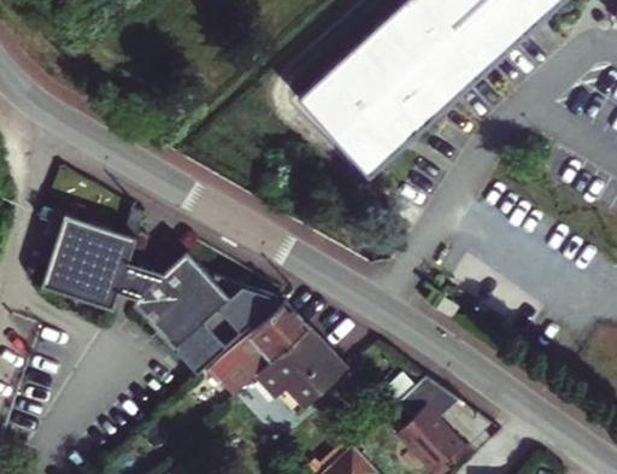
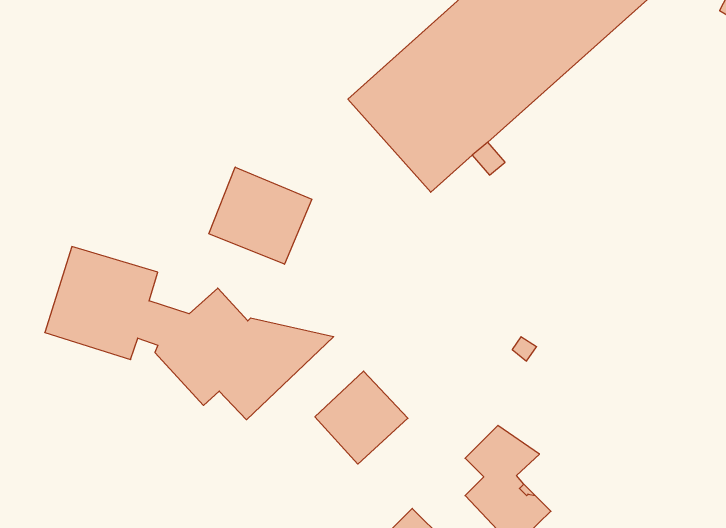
building: none -> [209,167,312,264]
building: [207,300,310,387] -> none

